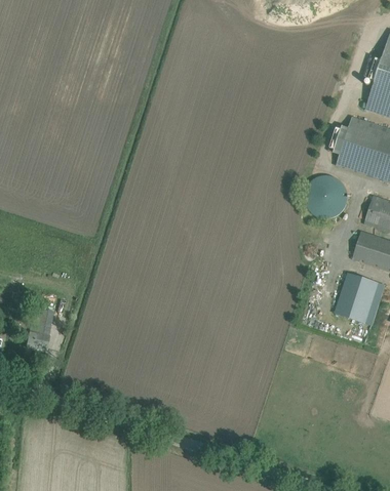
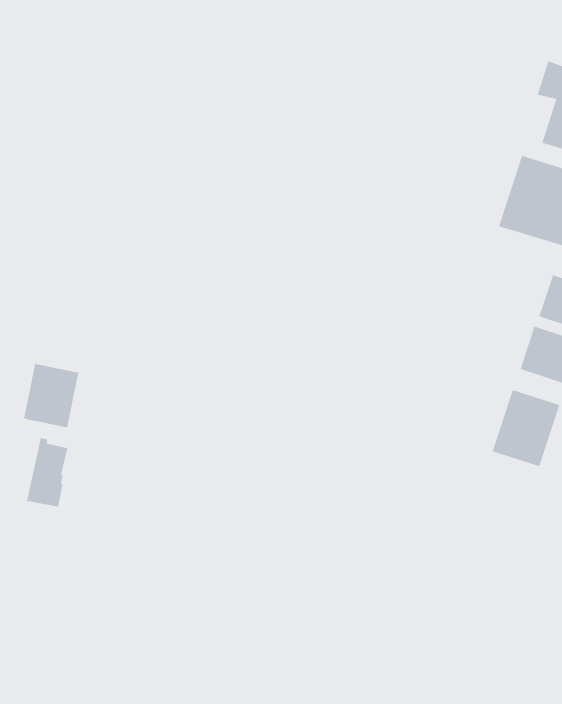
building: [307,176,349,219] -> none
building: none -> [24,363,79,428]

